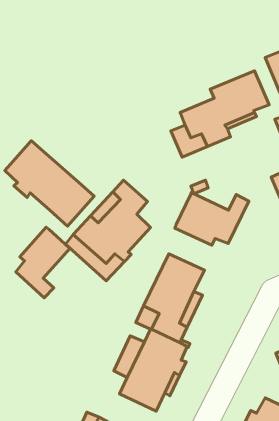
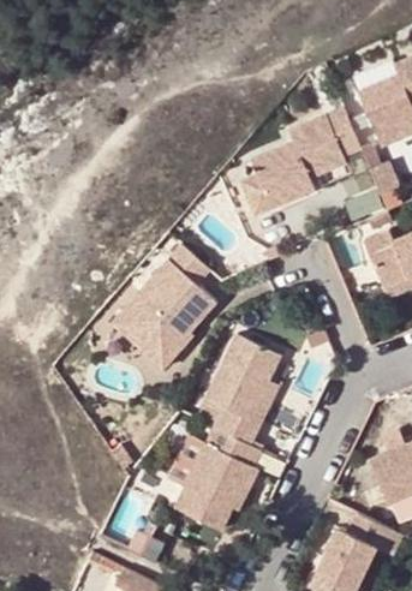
building: [5,141,94,226] -> none
building: [175,192,249,245] -> none
building: [16,227,70,298] -> none

